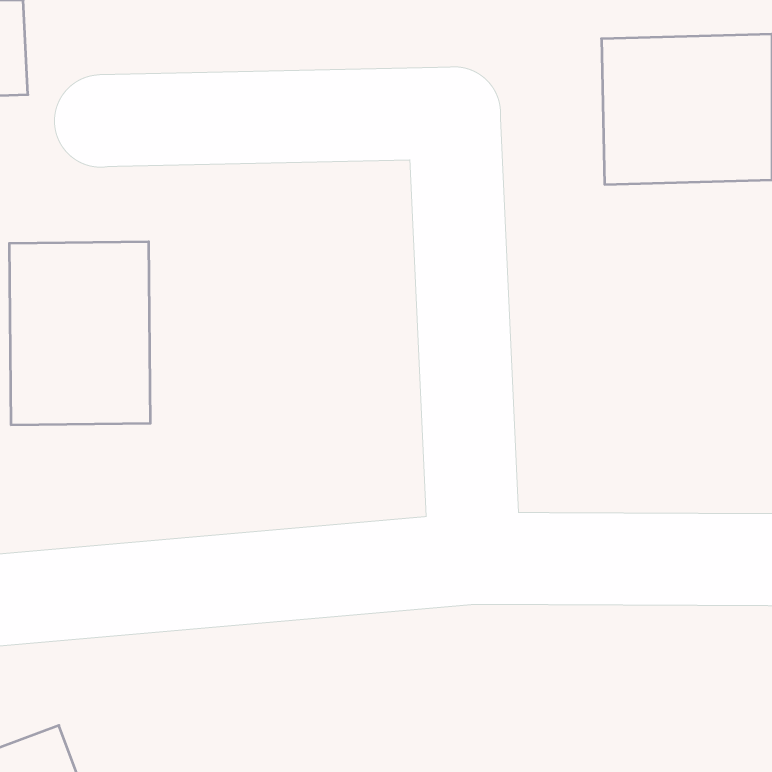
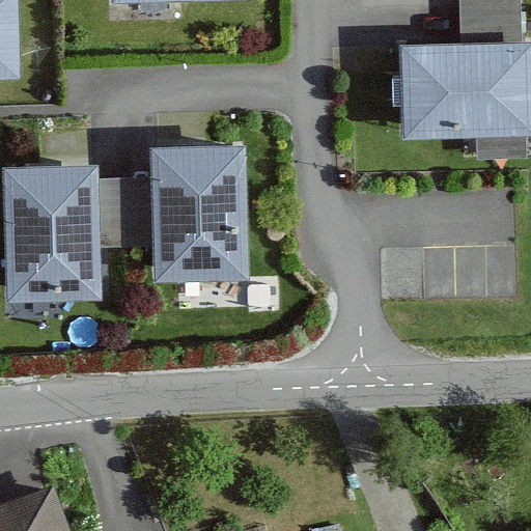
building: none -> [149,144,250,283]

